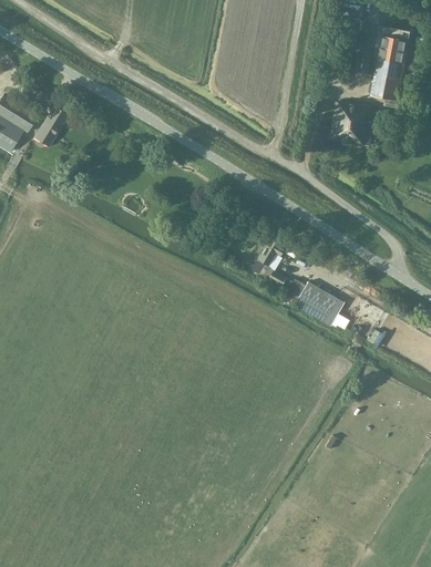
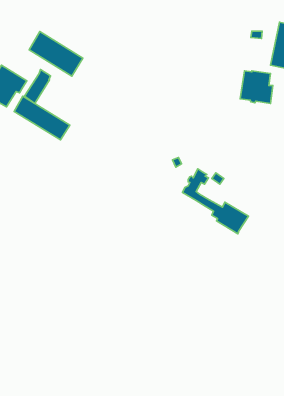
building: none -> [29,31,83,76]
building: none -> [14,96,70,140]

